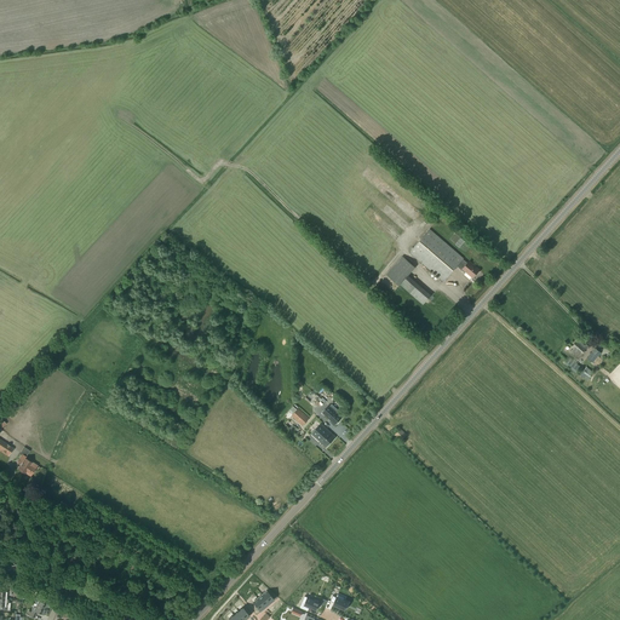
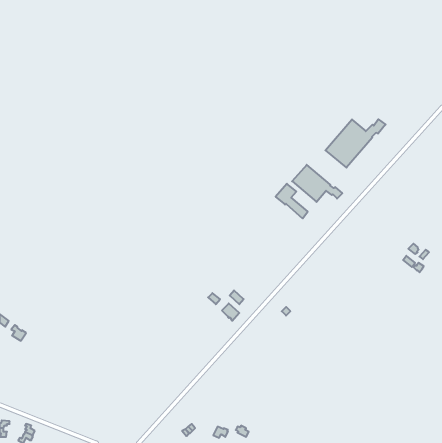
building: none -> [325,119,386,168]

